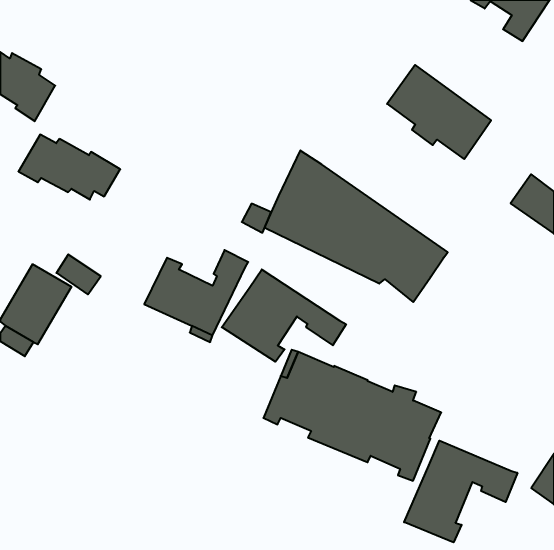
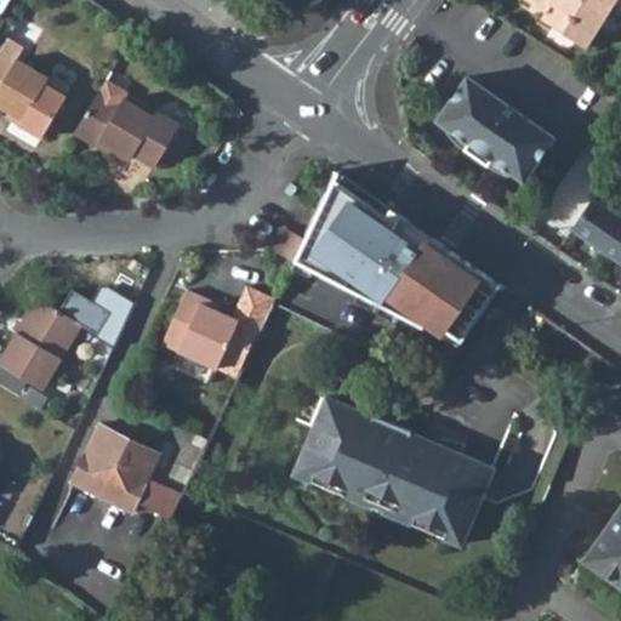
building: [18,135,120,200] -> [74,97,188,170]
building: [222,269,346,362] -> none
building: none -> [72,426,182,519]
building: [404,441,517,542] -> none

